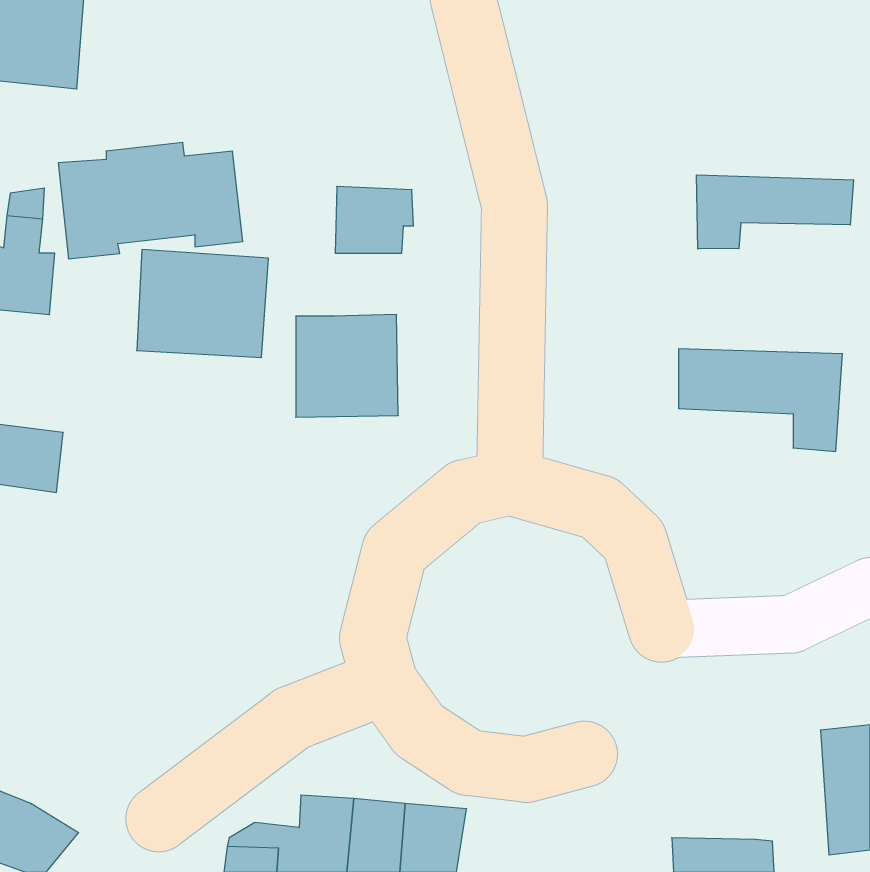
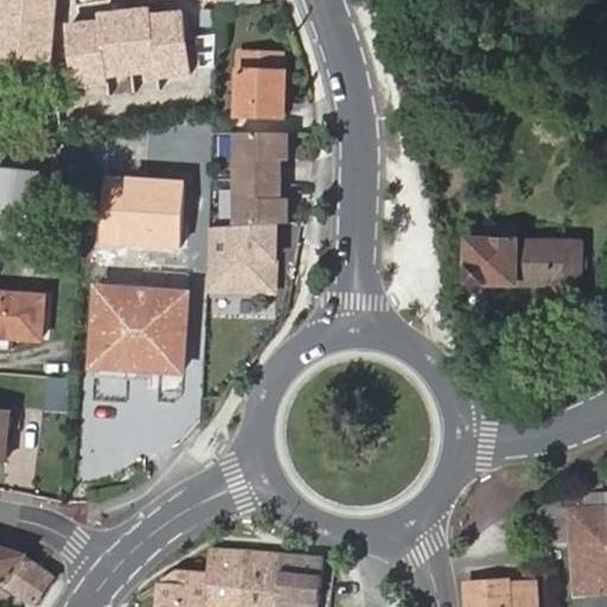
building: none -> [238,53,285,115]
building: [58,142,243,259] -> [63,6,191,87]
building: [697,175,853,249] -> none
building: none -> [231,175,286,219]
building: none -> [94,289,185,371]

